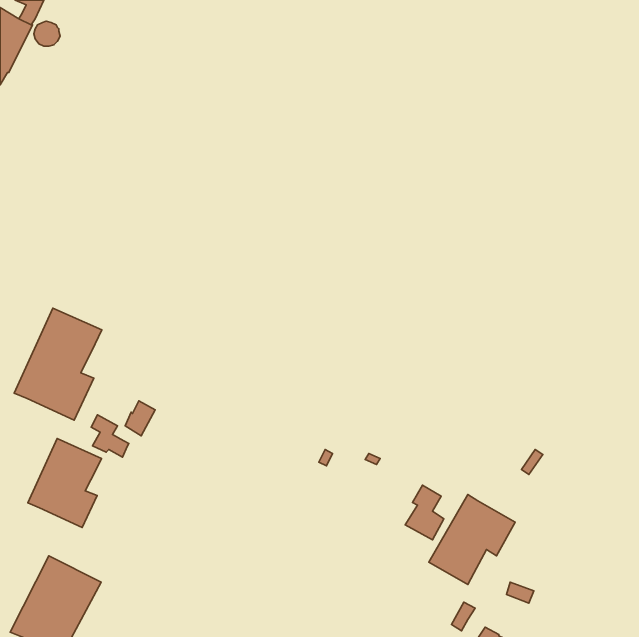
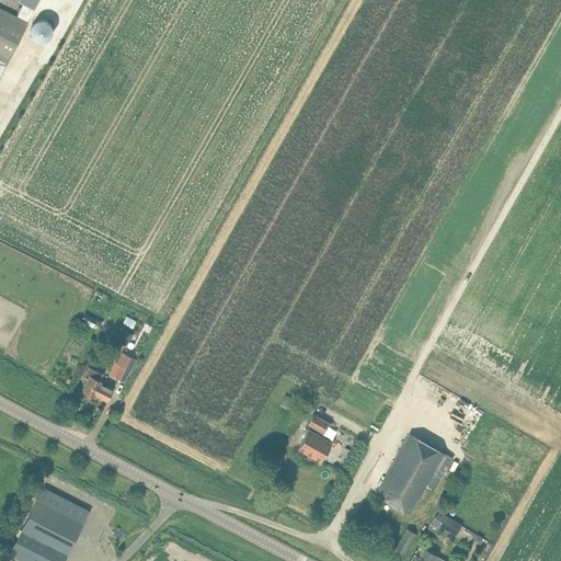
building: [14,308,102,420] -> none
building: [28,438,101,527] -> none
building: [405,485,444,540] -> [297,414,331,462]

